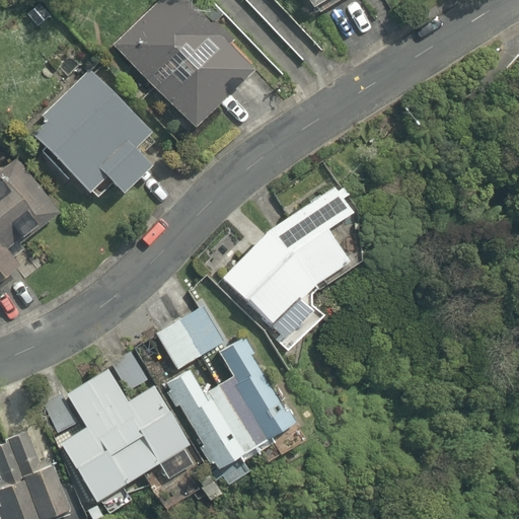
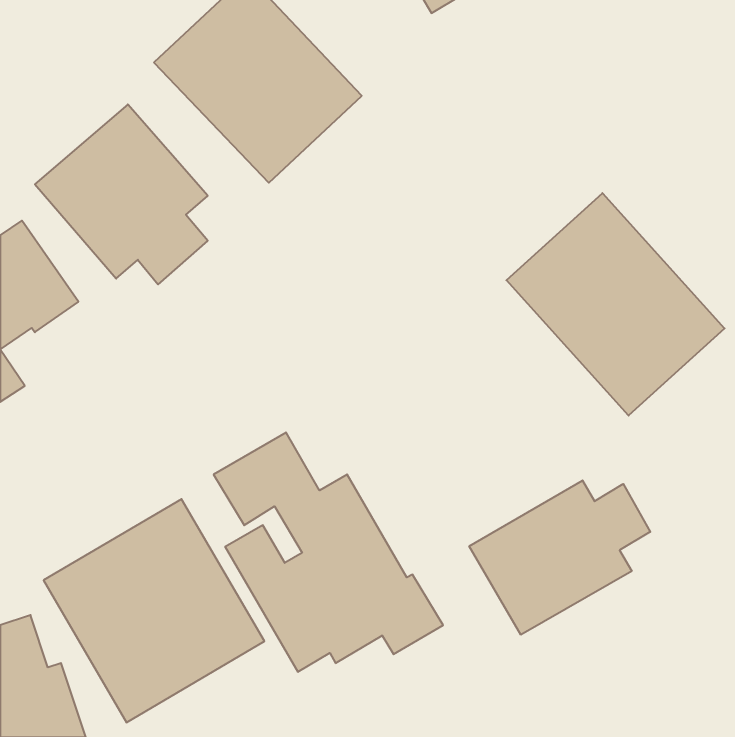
building: none -> [506,193,725,416]
building: [212,184,357,351] -> none
building: none -> [469,480,650,635]

